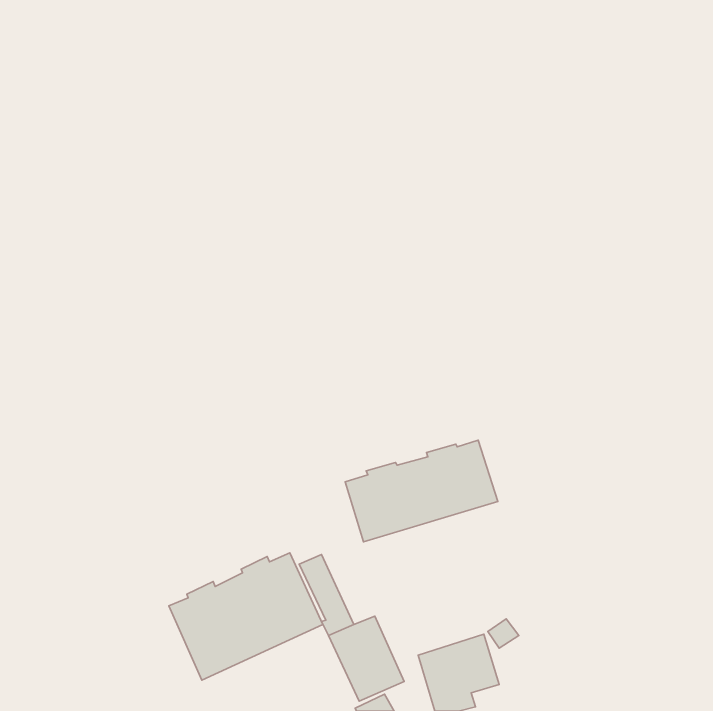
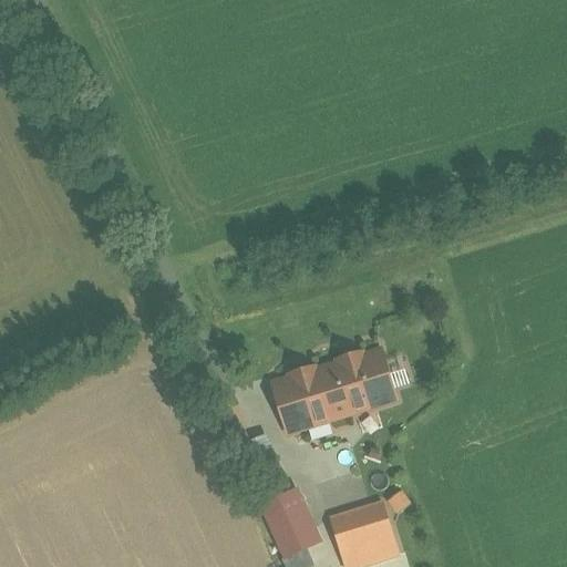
building: [169,553,323,680] -> none

